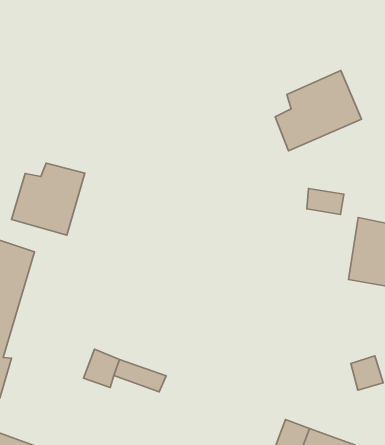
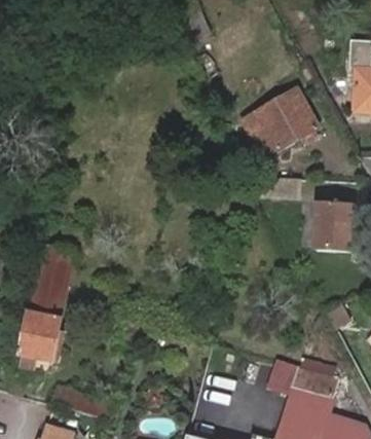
building: [12,163,85,235] -> none

